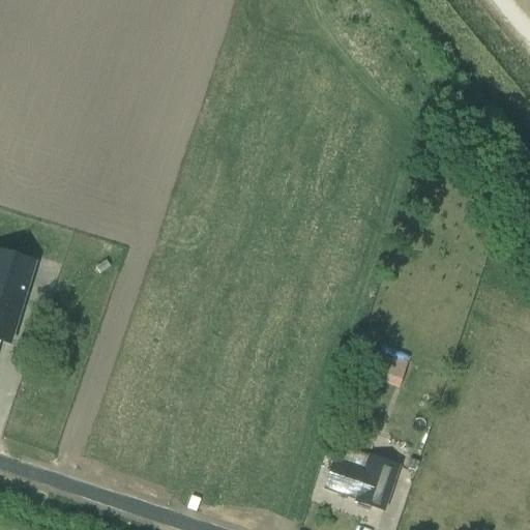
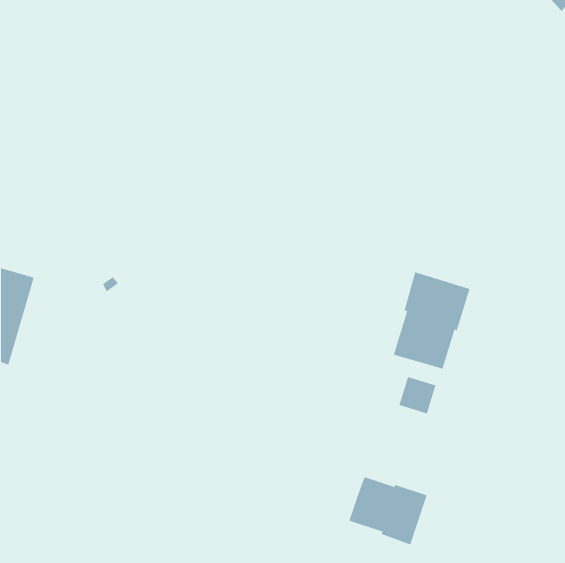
building: none -> [393,271,470,369]

